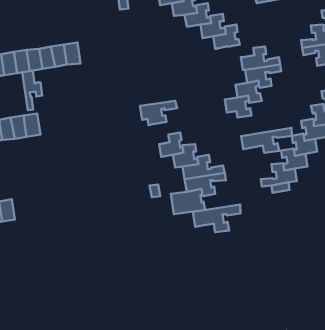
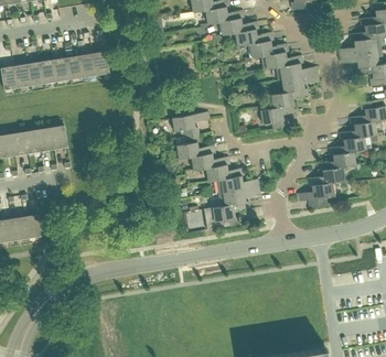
building: none -> [260,43,290,68]
building: [22,71,42,110] -> none
building: none -> [175,133,202,159]
building: [241,128,292,153] -> none
building: [193,204,241,232] -> none

